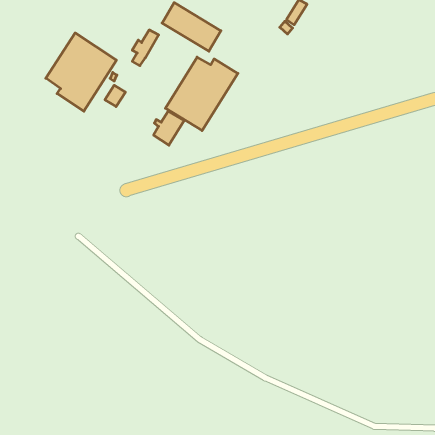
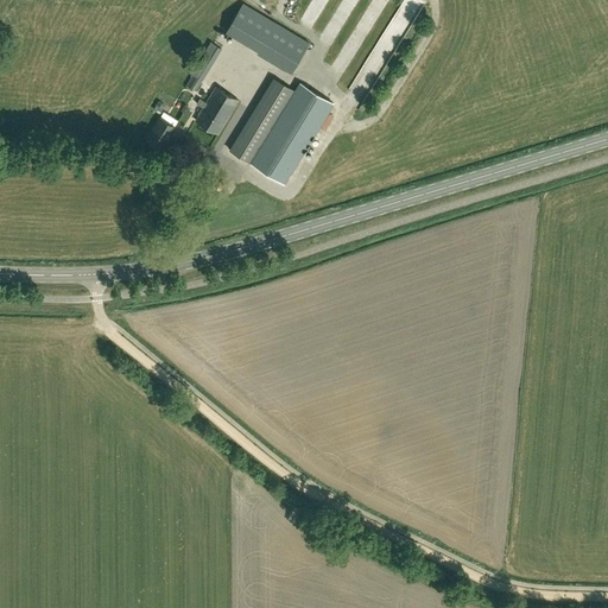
building: [46,33,116,111] -> none
building: [154,111,184,145] -> [195,88,238,135]

